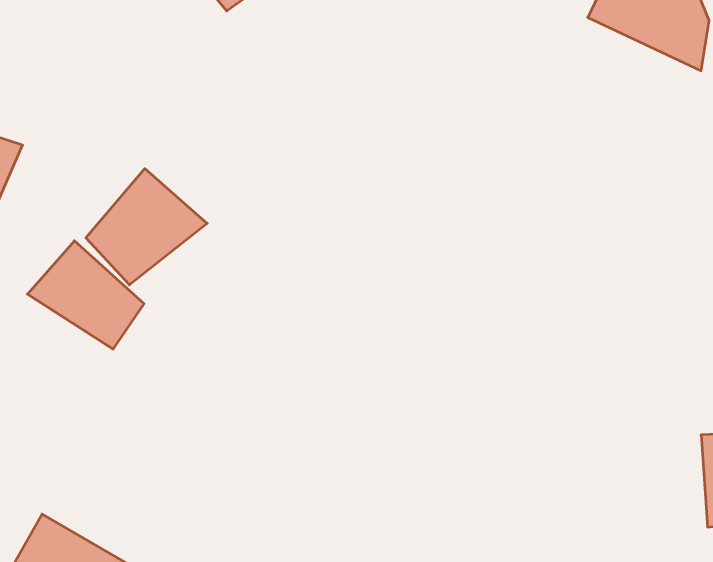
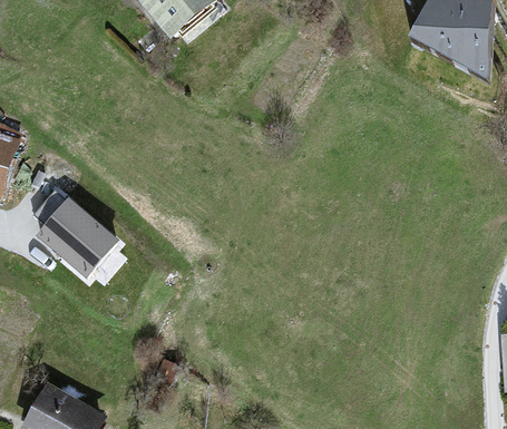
building: [86,169,207,285] -> none

